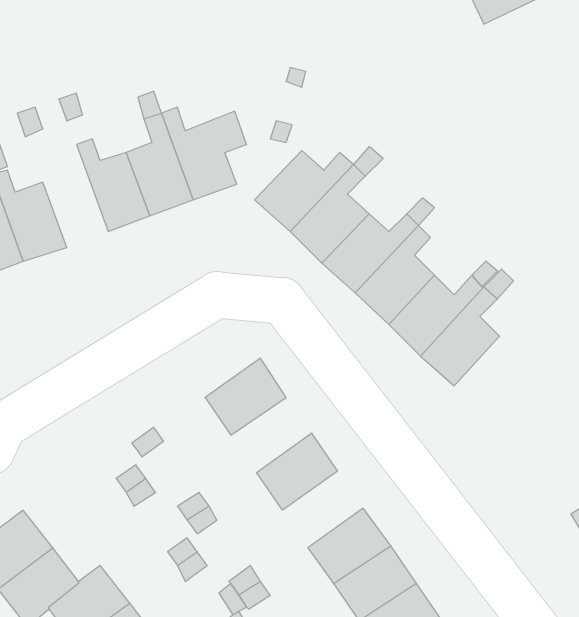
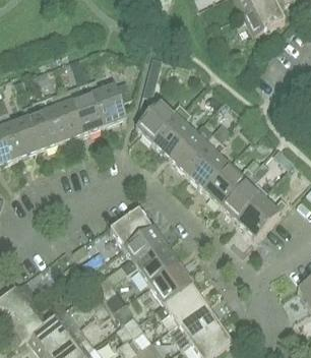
building: none -> [26,97,60,150]
building: none -> [238,195,288,237]
building: none -> [121,227,165,273]
building: none -> [149,264,191,304]

